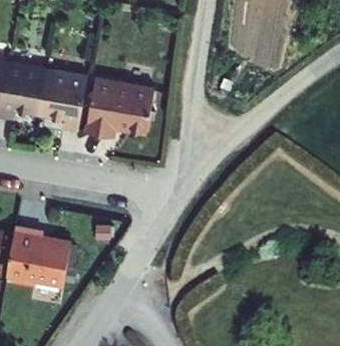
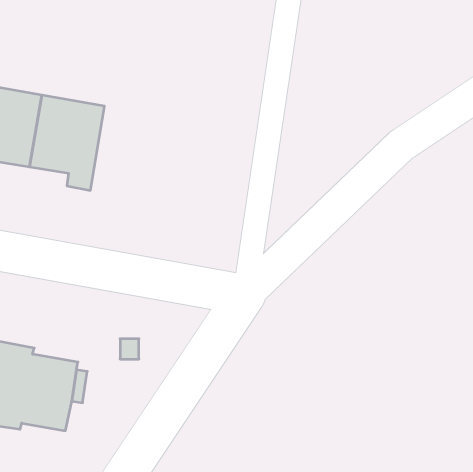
building: [84,78,153,136] -> none

